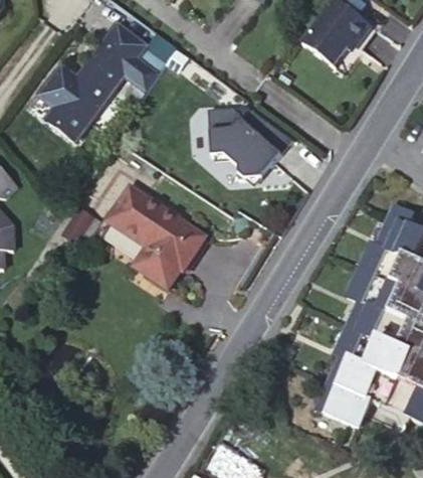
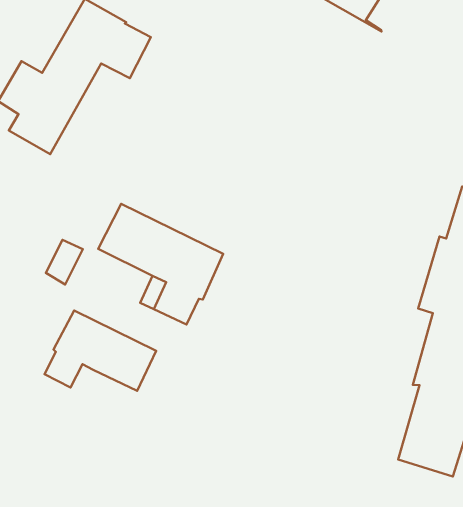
building: [210,106,291,183] -> none
building: none -> [45,311,156,391]

